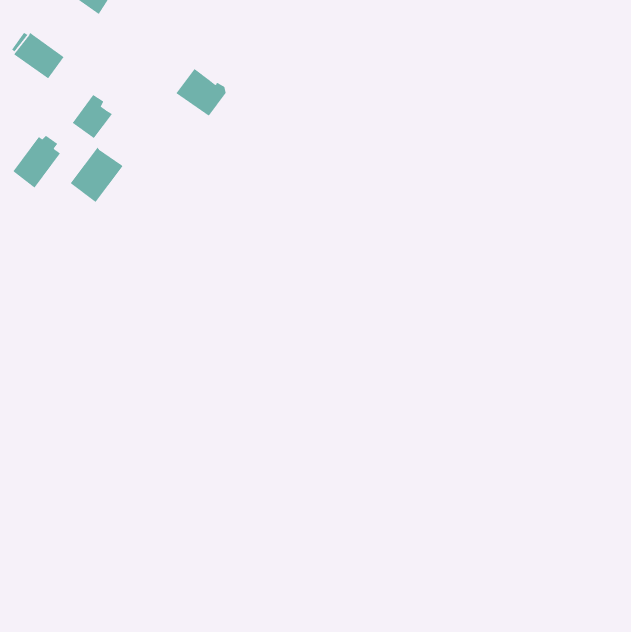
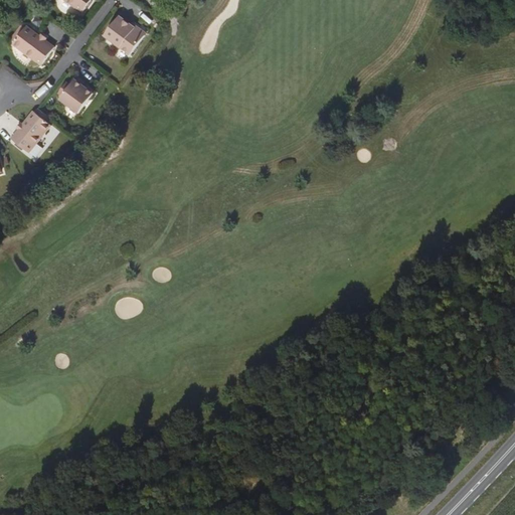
building: [176,68,226,117] -> [102,14,143,53]
building: [70,147,123,203] -> none

